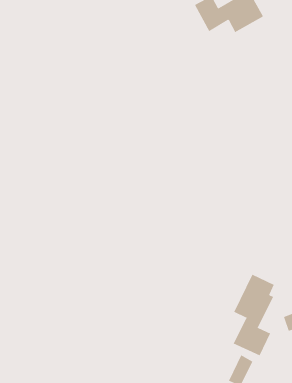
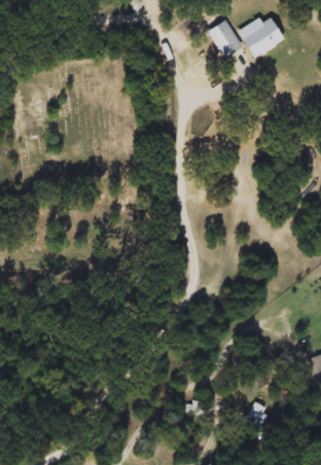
building: [233,274,274,356] -> none

